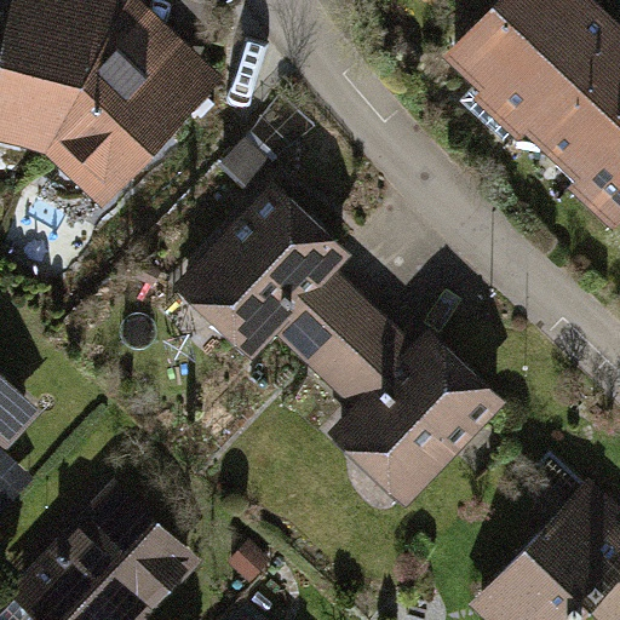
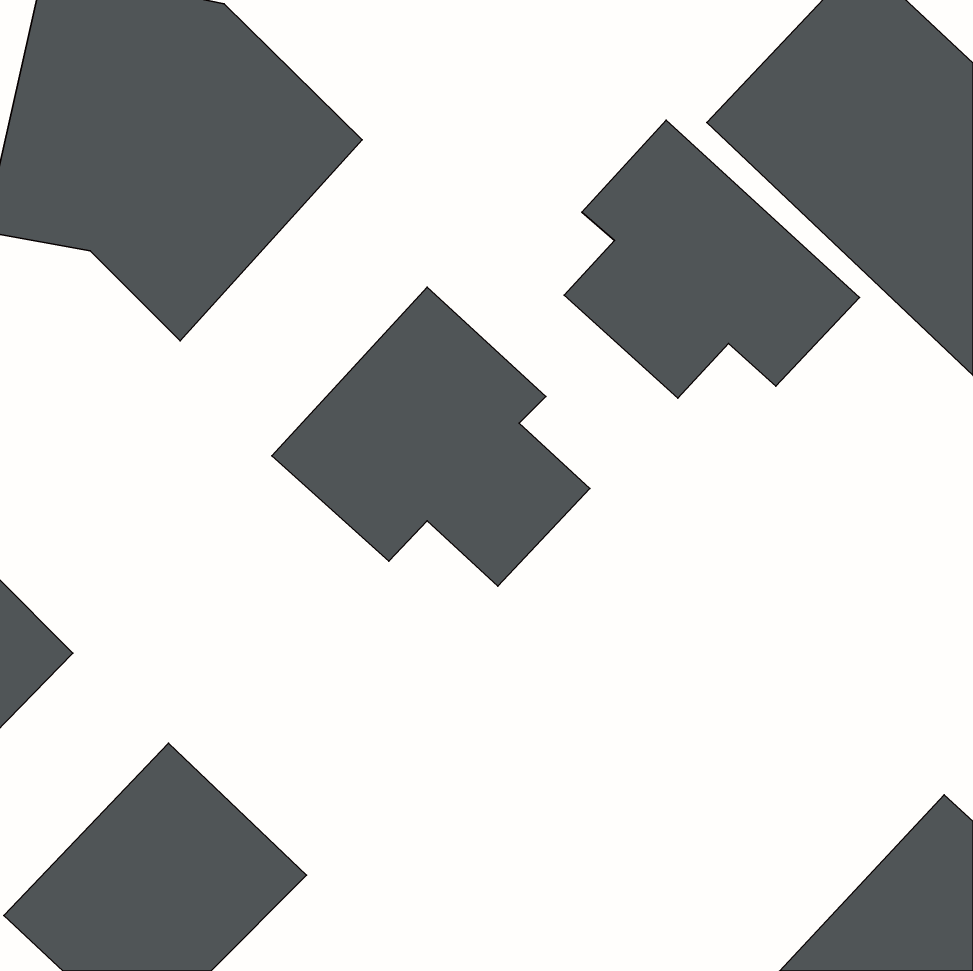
building: none -> [564,120,859,398]
building: [315,309,500,503] -> none

